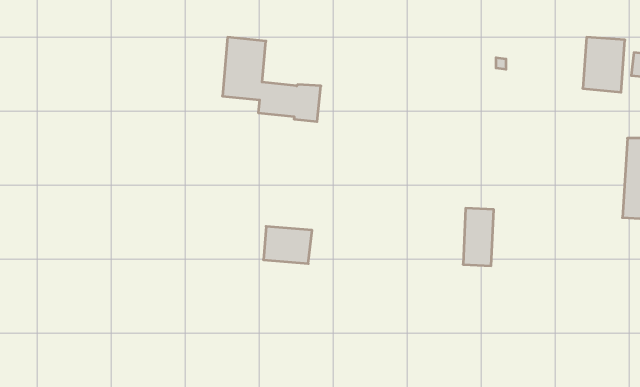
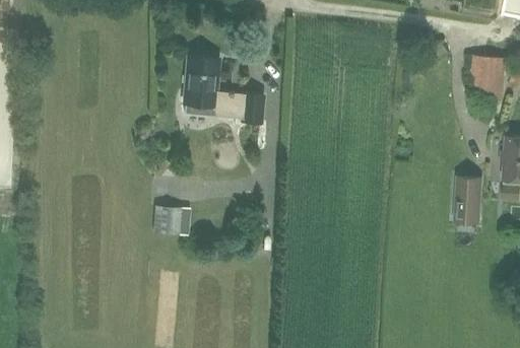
building: [463,208,494,266] -> [456,177,480,222]
building: [263,226,312,264] -> [152,205,191,234]

